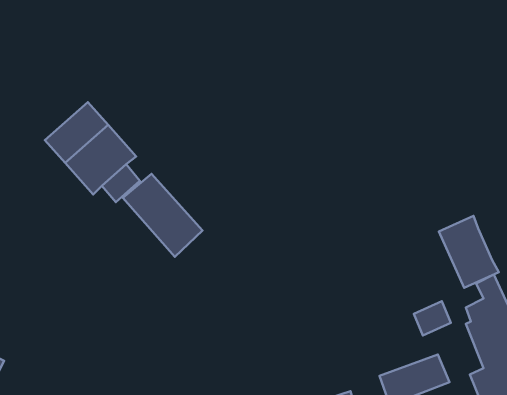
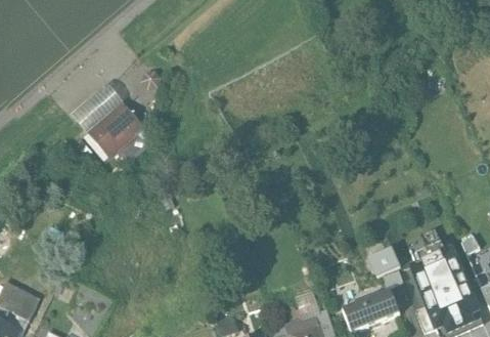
building: [123,174,203,257] -> none
building: [439,216,499,288] -> none

